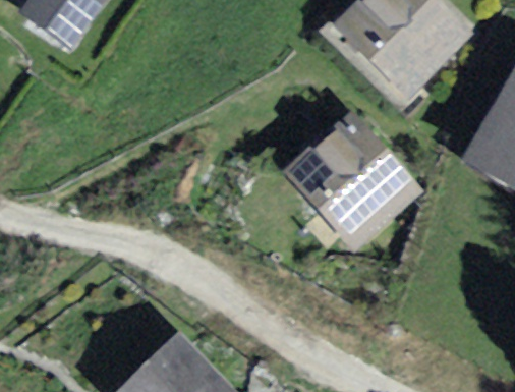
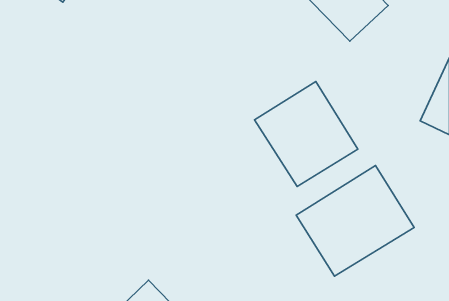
building: none -> [296,165,414,276]

